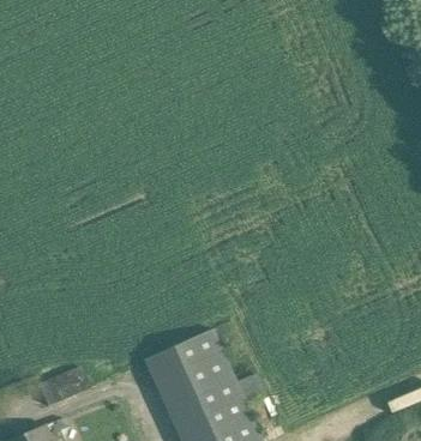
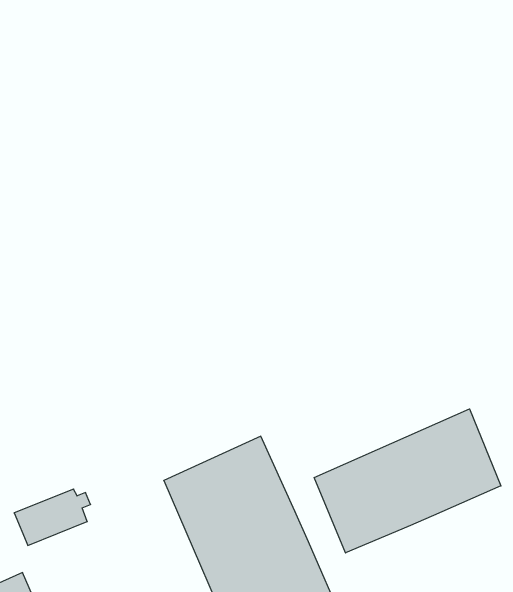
building: none -> [314,409,501,553]

